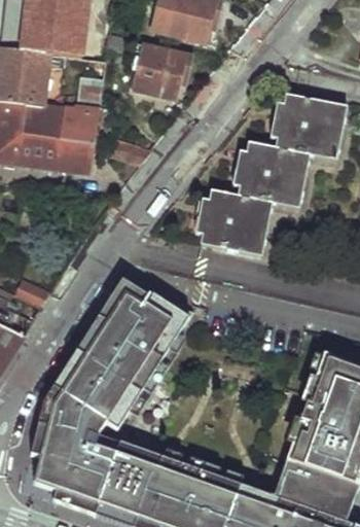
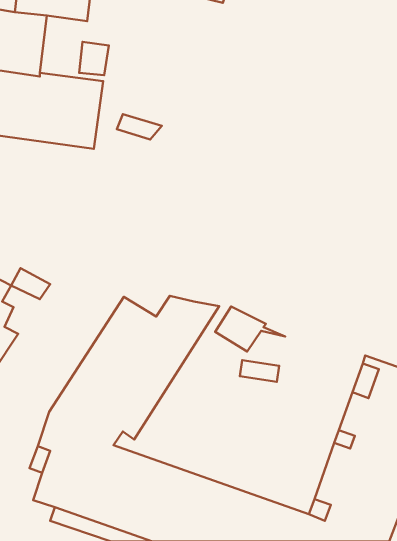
building: [132,44,187,98] -> none
building: [195,94,343,257] -> none
building: [114,281,177,321] -> [215,307,285,351]

